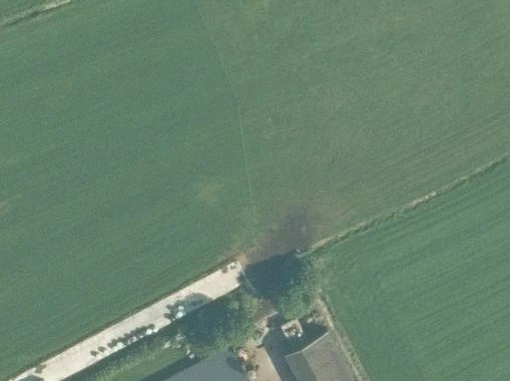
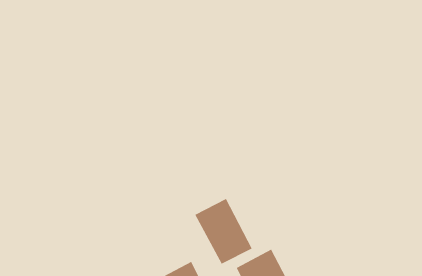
building: none -> [195,198,252,265]

